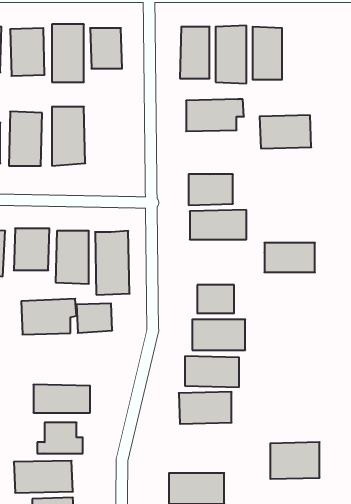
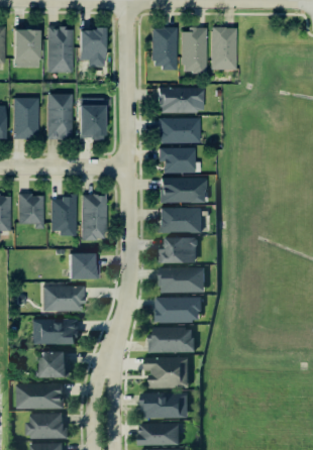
building: [260,115,311,148] -> [158,116,200,143]
building: none -> [80,107,103,139]
building: [264,243,315,272] -> [161,208,202,232]
building: [21,299,77,334] -> [41,284,87,313]
building: [270,442,320,479] -> [148,357,189,387]

